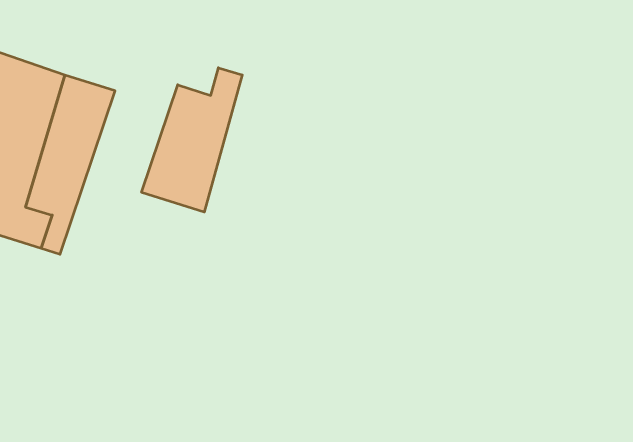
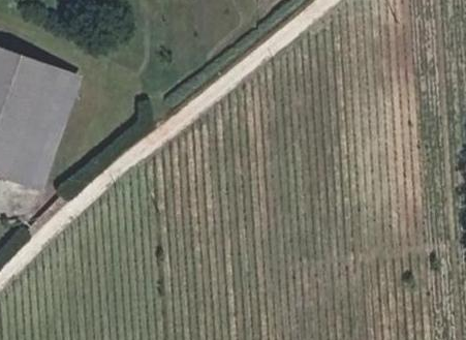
building: [142,68,242,212] -> none

